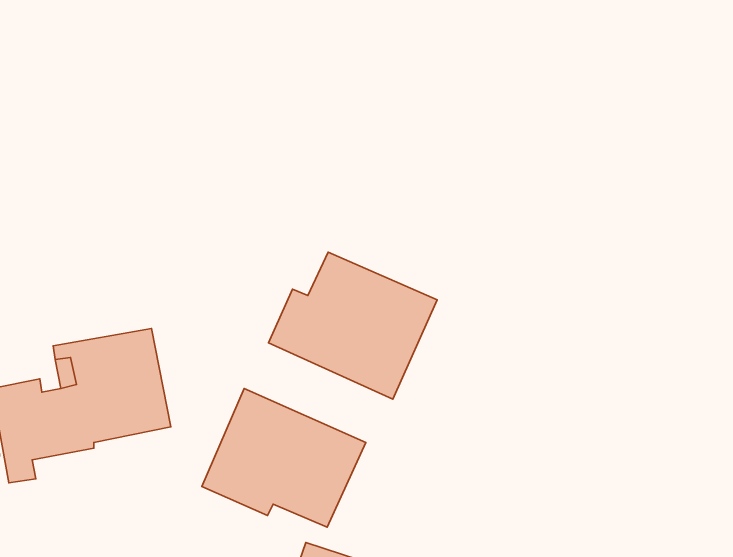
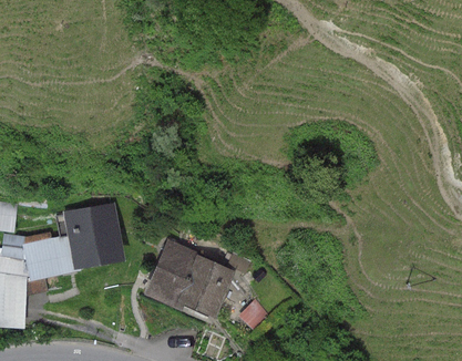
building: [268,252,437,399] -> none

